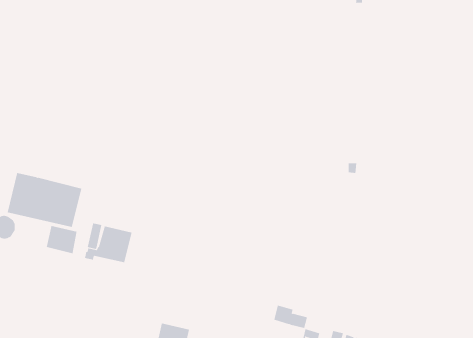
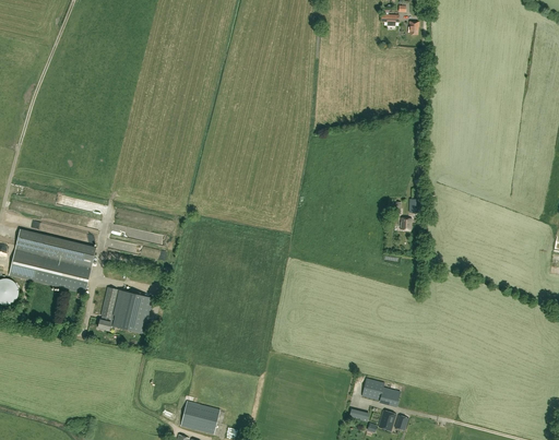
building: [46,225,77,254] -> none
building: [273,305,308,329] -> [360,377,400,404]

